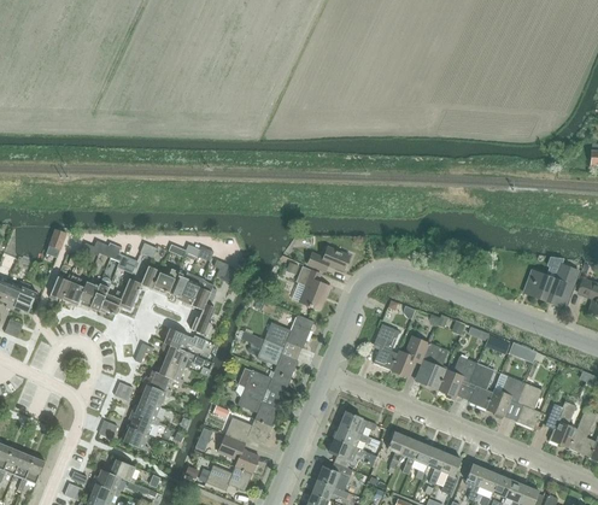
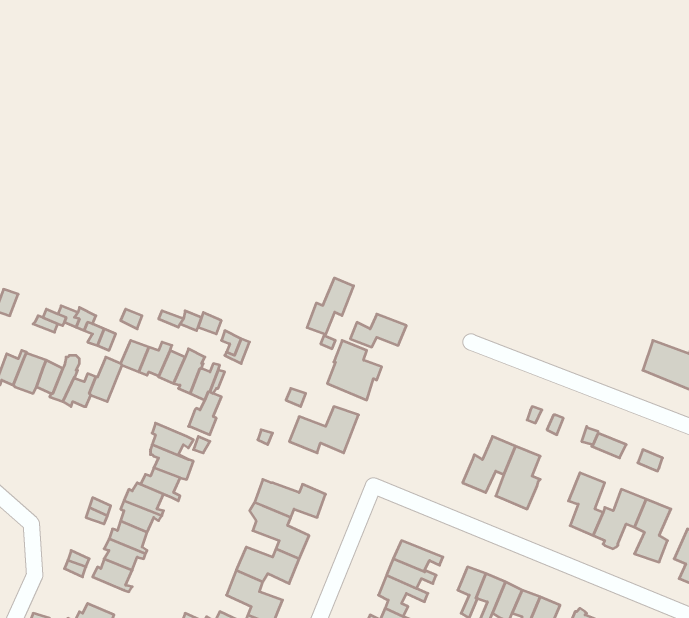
building: none -> [307,278,354,335]
building: [374,324,399,370] -> none
building: [257,340,298,378] -> none
building: [438,356,476,399] -> none

